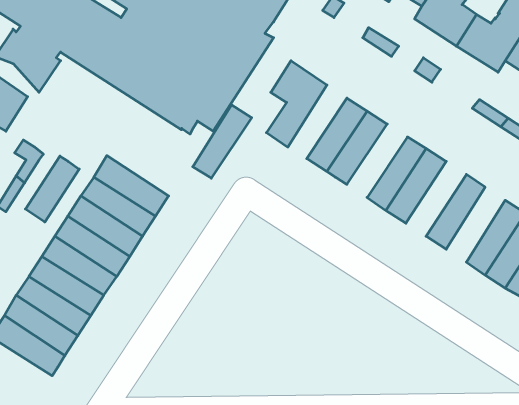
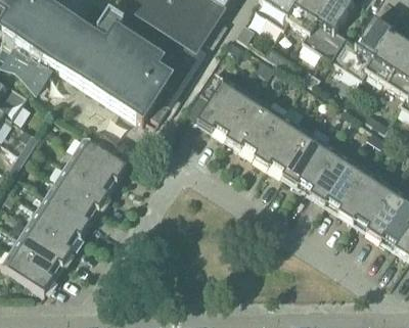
building: [193,105,252,178] -> [212,87,254,139]
building: none -> [254,114,297,167]
building: [25,156,79,222] -> none
building: none -> [296,141,338,194]
building: none -> [324,159,366,213]

